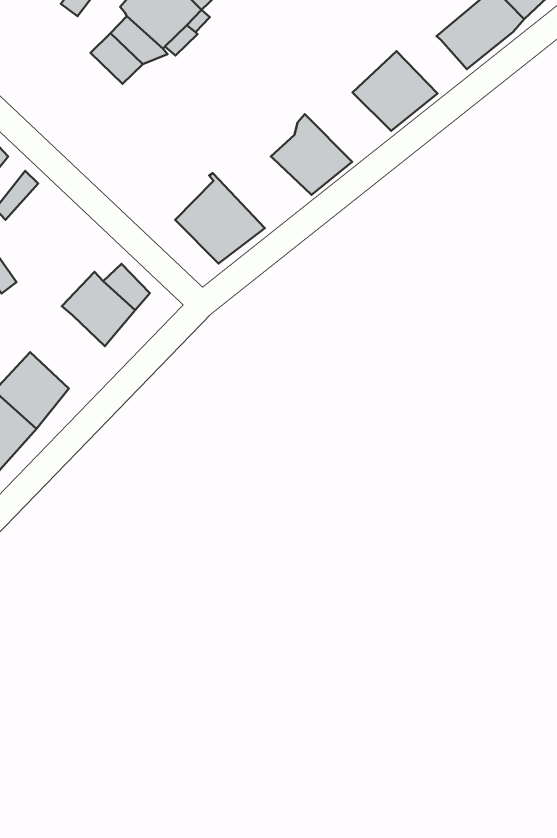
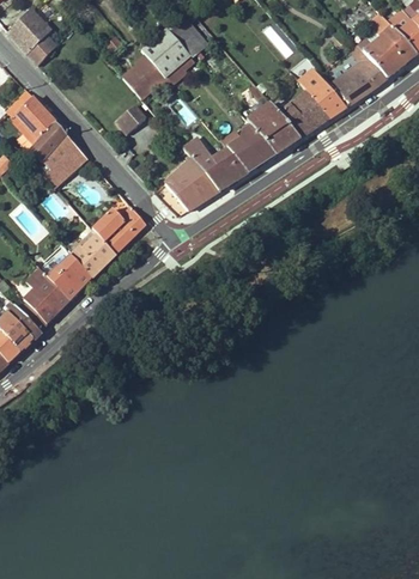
building: none -> [298,68,348,117]
building: none -> [244,103,299,154]
building: none -> [114,100,147,134]
building: none -> [182,136,248,190]
building: none -> [69,233,115,278]

